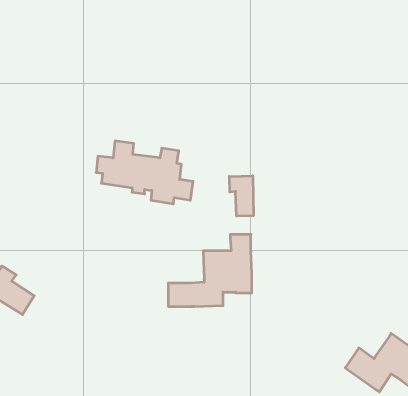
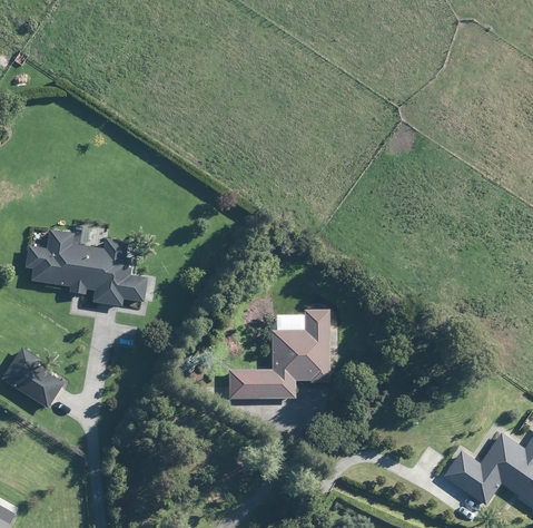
building: [96,141,193,204] -> [24,228,145,306]
building: [229,176,253,216] -> none

